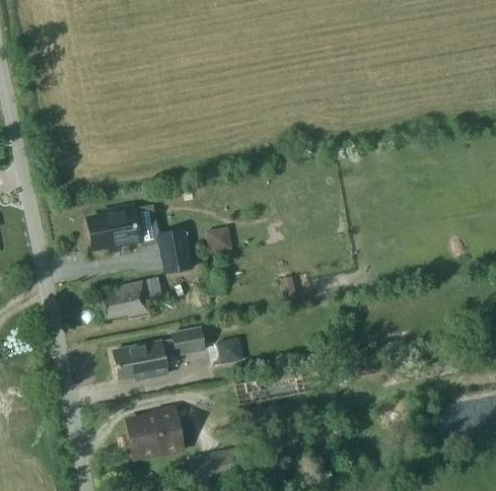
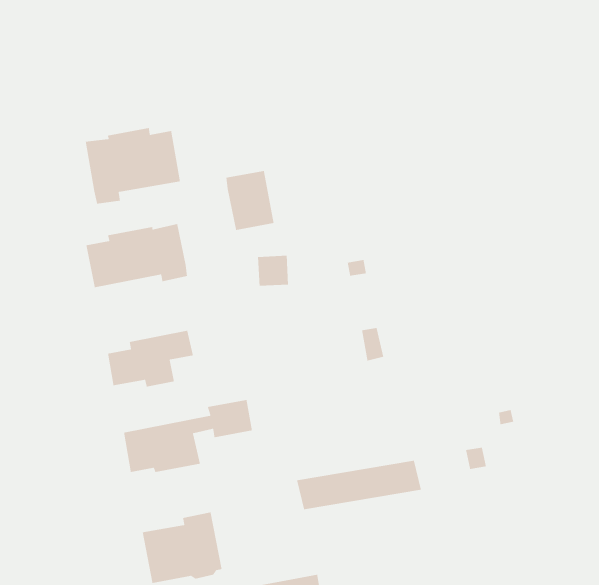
building: none -> [85,127,181,205]
building: [158,228,193,271] -> [225,170,275,231]
building: [215,336,243,364] -> none

